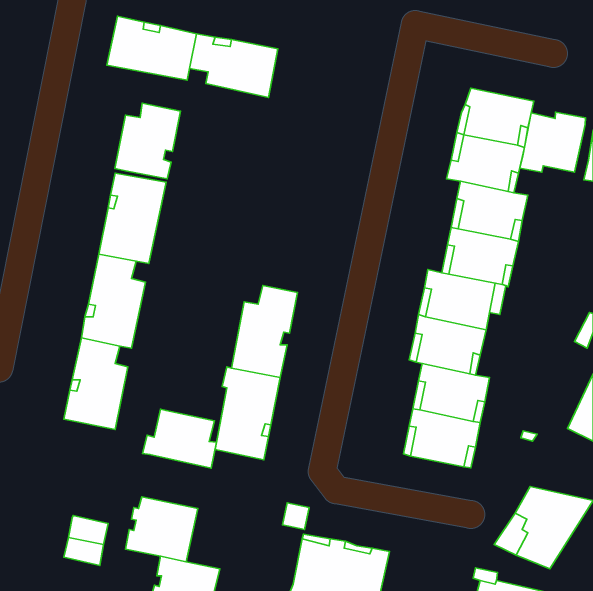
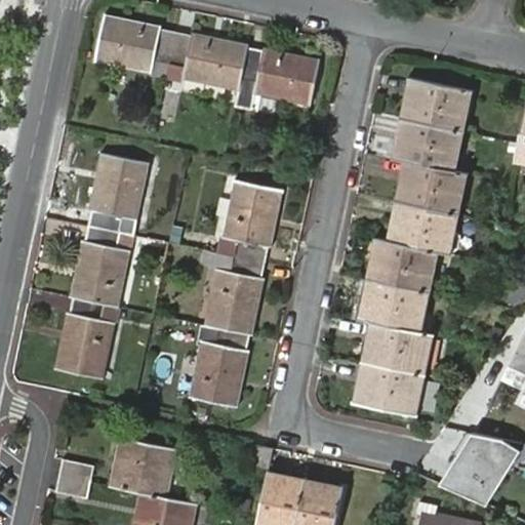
building: none -> [235,45,316,102]
building: [115,103,181,179] -> none
building: [520,112,586,172] -> none
building: none -> [221,181,277,260]
building: [142,409,216,468] -> none

